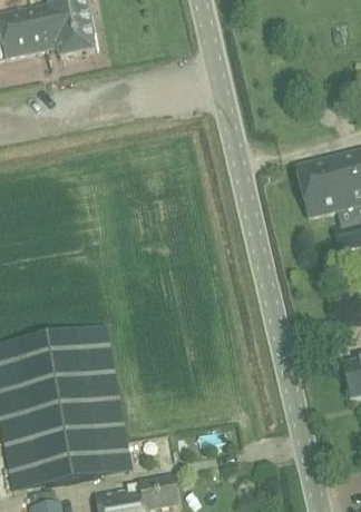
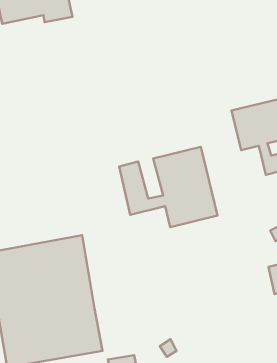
building: none -> [119,147,218,227]

